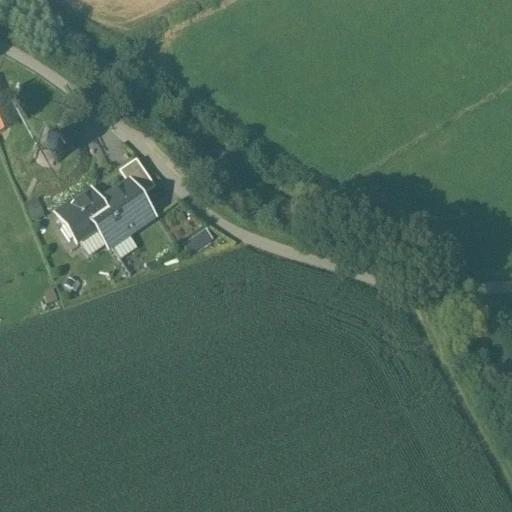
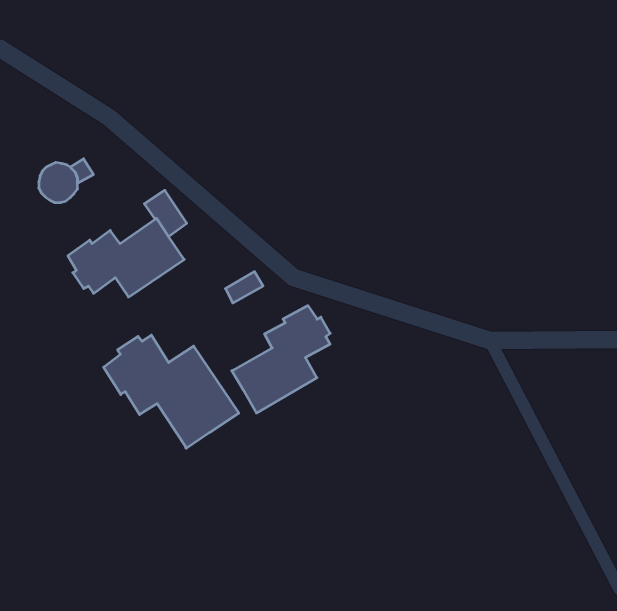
building: none -> [232,306,330,413]
building: none -> [104,335,239,448]

